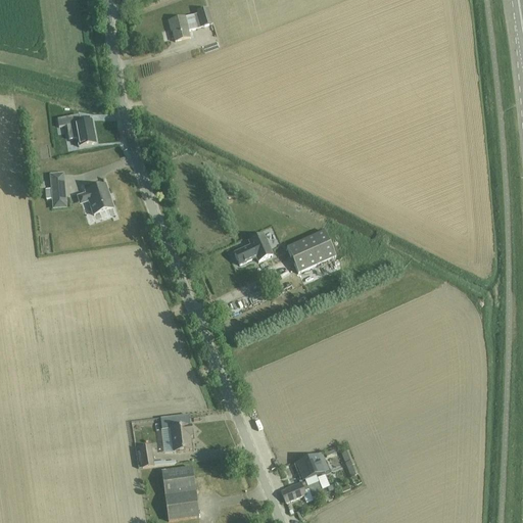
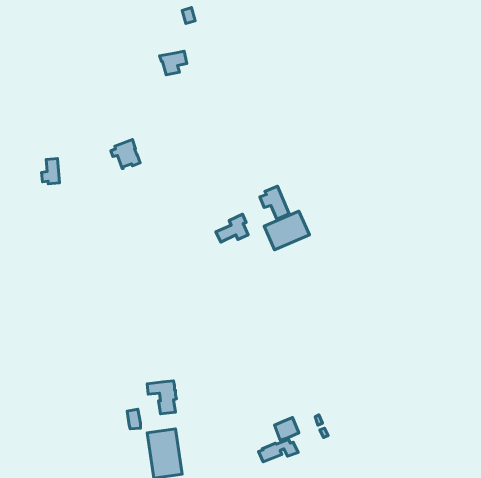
building: [167,13,196,39] -> [160,51,187,75]
building: [56,112,95,144] -> none
building: [81,181,112,212] -> [111,139,140,169]
building: none -> [260,186,289,219]

